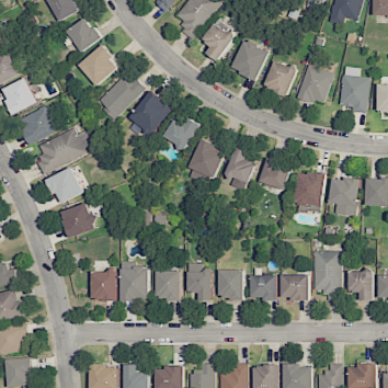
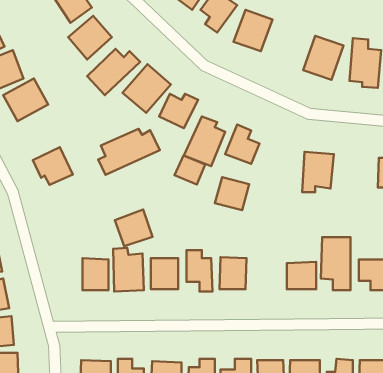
building: [262,61,296,96] -> none
building: [35,129,92,172] -> [98,129,160,175]
building: [259,159,290,190] -> [215,177,249,210]
building: none -> [175,155,205,185]
building: [330,178,358,215] -> none
building: [60,203,95,237] -> [115,210,153,246]
building: [250,275,276,301] -> none

